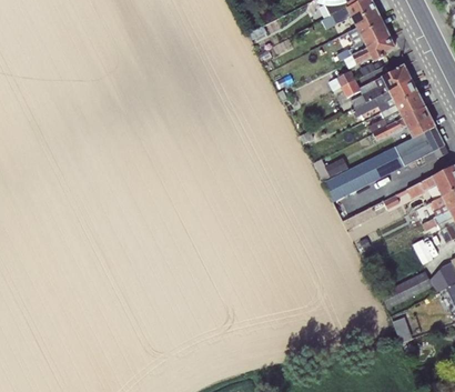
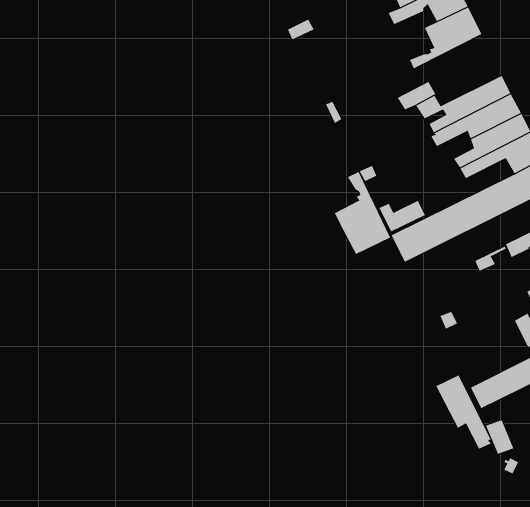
building: [344,34,395,68] -> none
building: none -> [334,171,391,255]
building: none -> [436,375,492,450]

